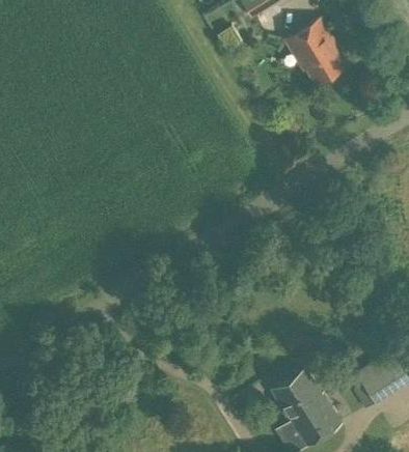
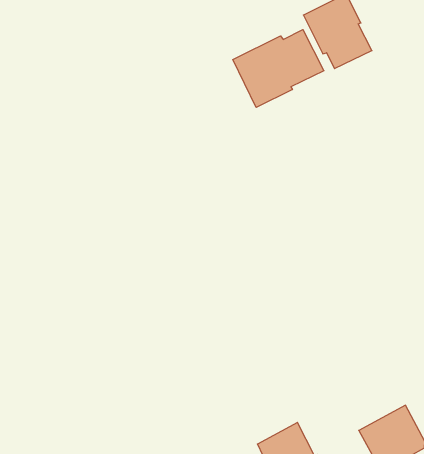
building: none -> [233,30,324,107]

